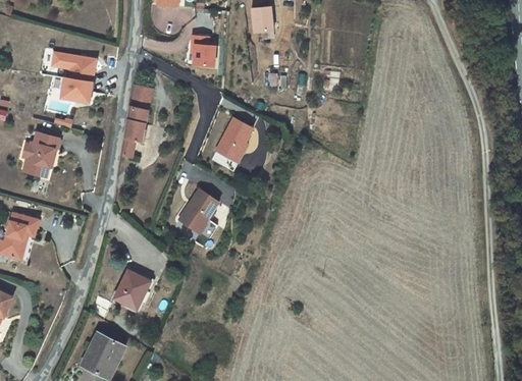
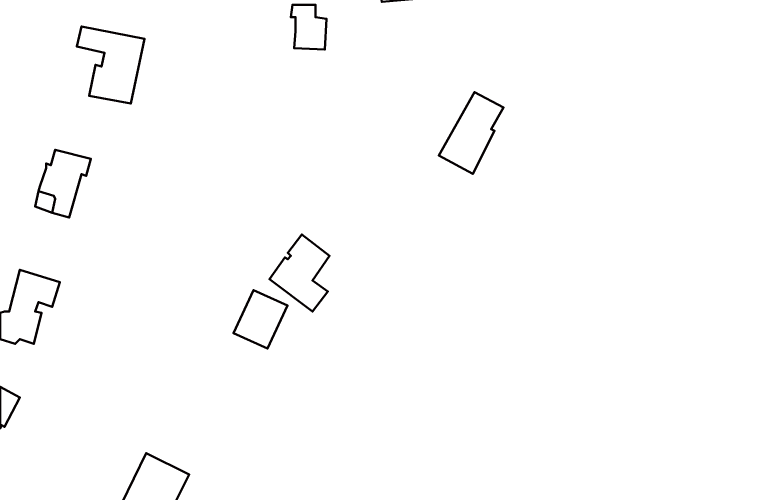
building: [120,86,152,157] -> none
building: [211,118,254,172] -> [439,92,504,174]
building: [113,272,149,311] -> [233,290,287,349]

